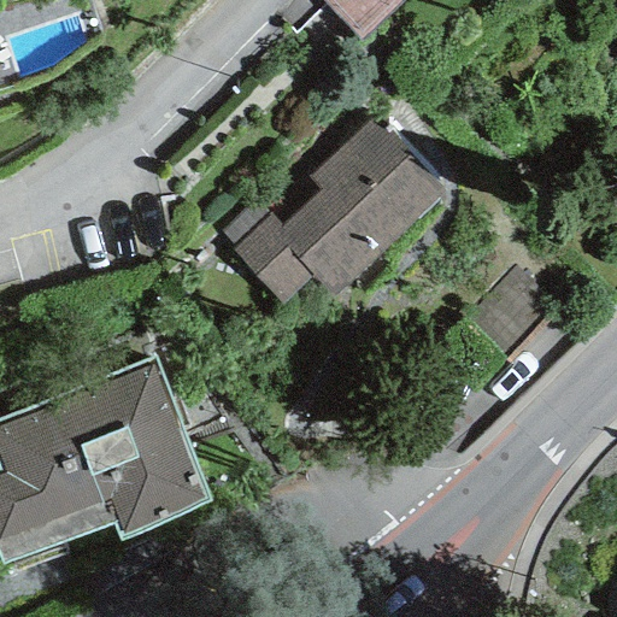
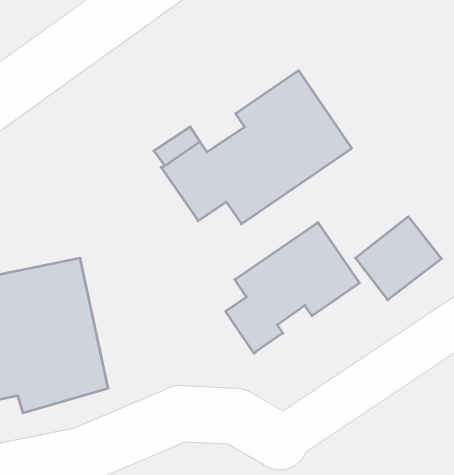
building: none -> [226,222,359,353]

